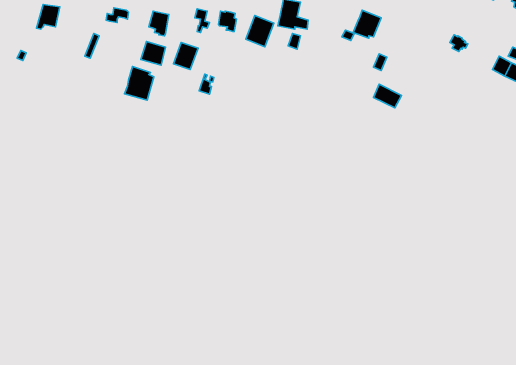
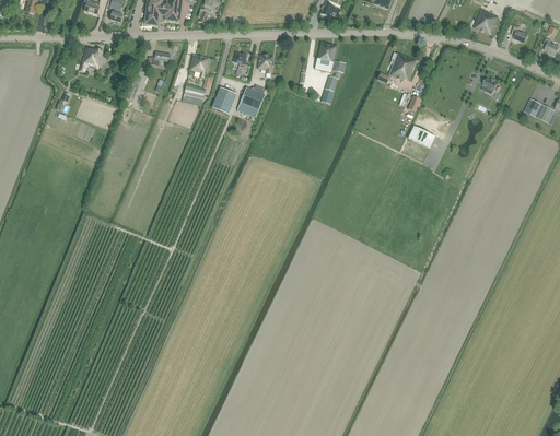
building: [246,15,274,47] -> [237,86,265,117]
building: [125,67,154,100] -> none

